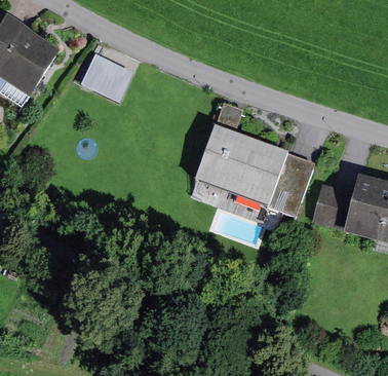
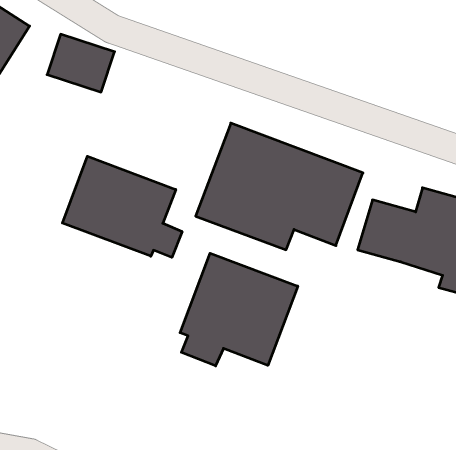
building: none -> [62,156,182,257]
building: none -> [180,253,298,366]

